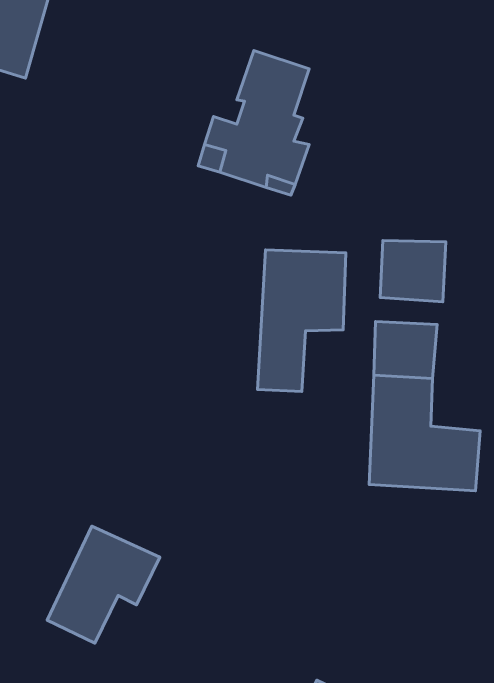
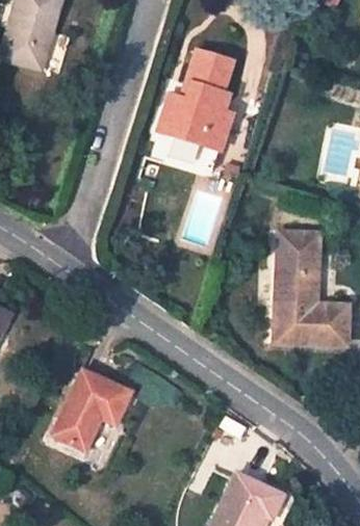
building: [380,241,446,302] -> none
building: [258,250,346,392] -> none

